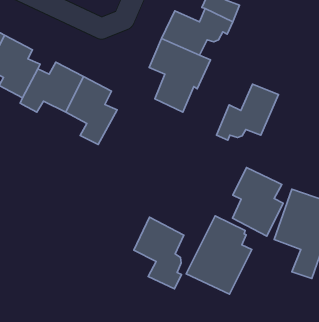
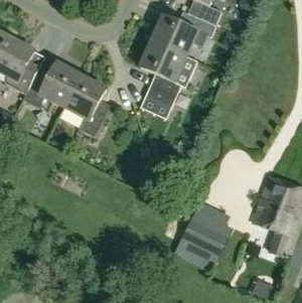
building: [216,84,279,140] -> none
building: [232,167,283,236] -> none
building: [134,217,184,289] -> none

